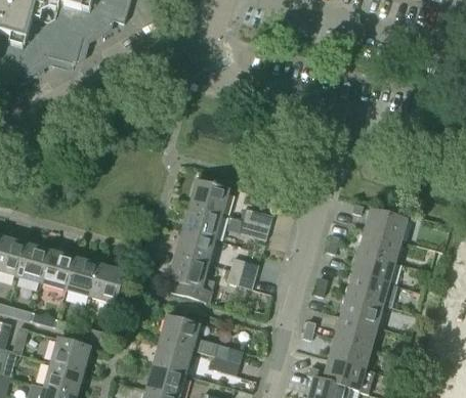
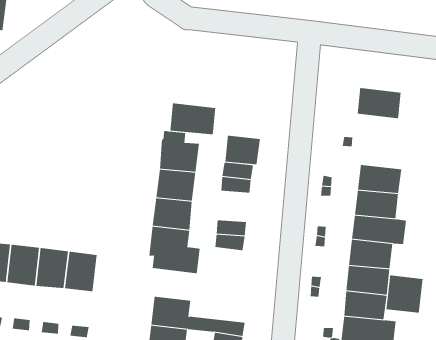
building: none -> [170,102,216,135]
building: none -> [225,135,260,165]
building: [365,208,407,240] -> [357,87,402,119]
building: none -> [386,275,423,314]

